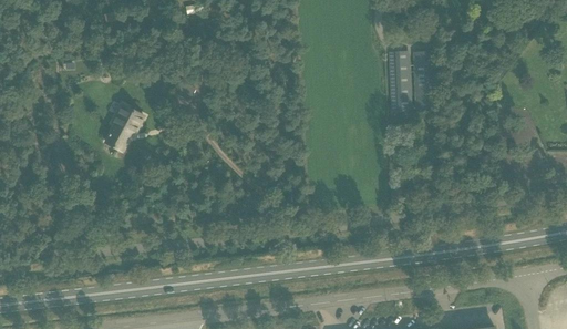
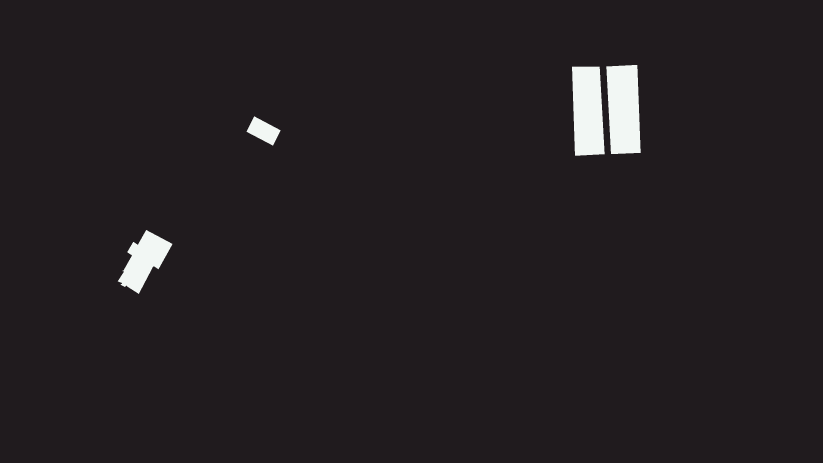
building: [105,106,144,151] -> [116,229,174,295]

